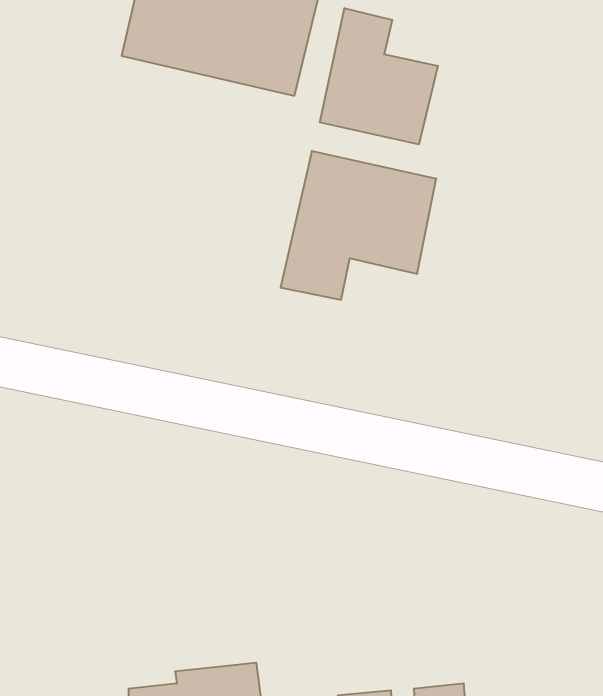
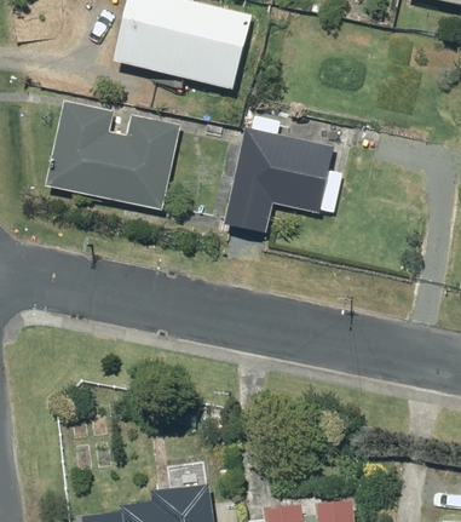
building: [320,8,438,144] -> none
building: none -> [45,101,180,210]

